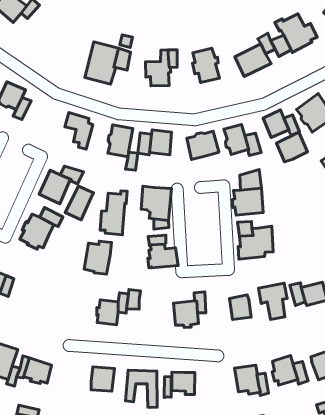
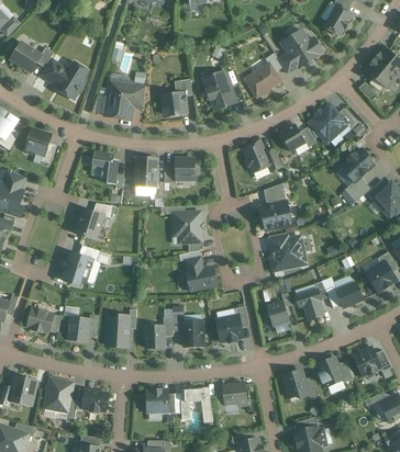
building: none -> [41,59,89,100]
building: [187,131,219,160] -> none
building: [277,132,307,162] -> none
building: [65,186,93,220] -> none
building: [100,191,127,235] -> none
building: [84,241,112,274] -> [107,316,130,347]
building: none -> [68,317,90,342]
building: none -> [184,321,203,347]

